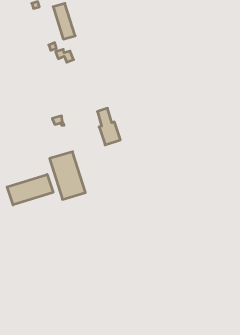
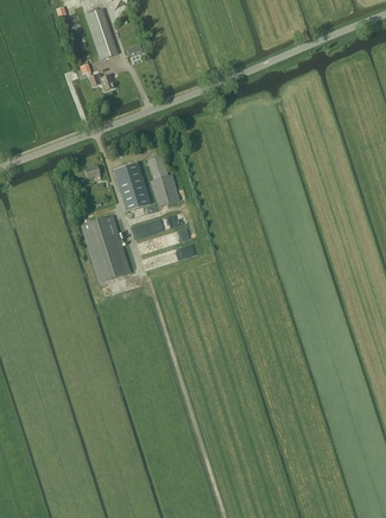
building: none -> [113,162,152,210]
building: [7,174,53,205] -> none

